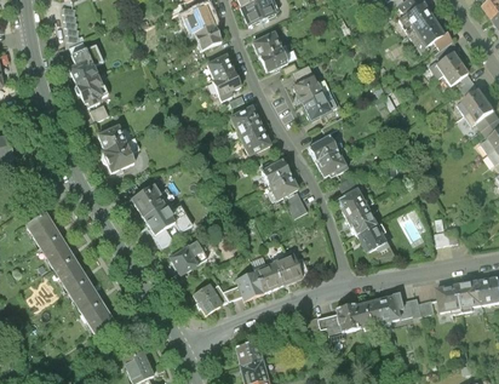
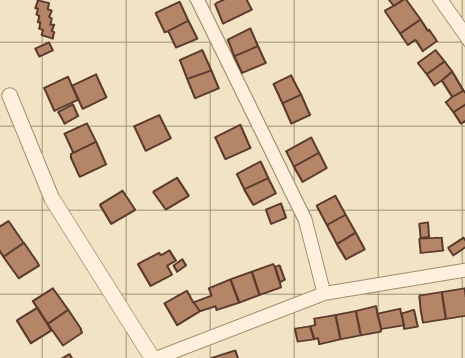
building: [64,55,97,87] -> [72,74,106,109]
building: [226,101,262,134] -> [134,115,171,151]
building: [138,204,172,234] -> [153,178,189,210]
building: [50,257,82,291] -> [17,308,51,343]

